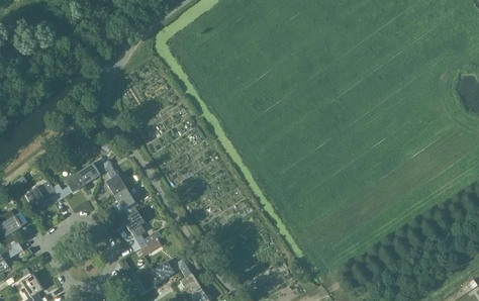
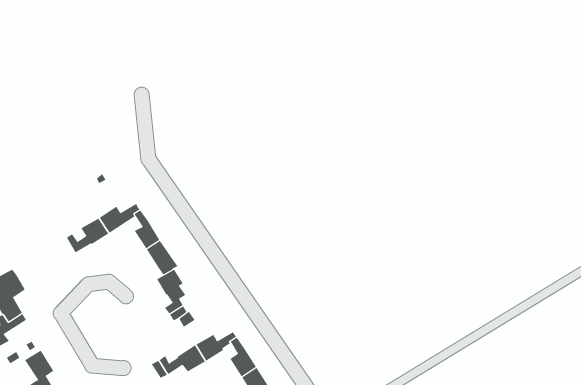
building: [24,186,60,208] -> none

